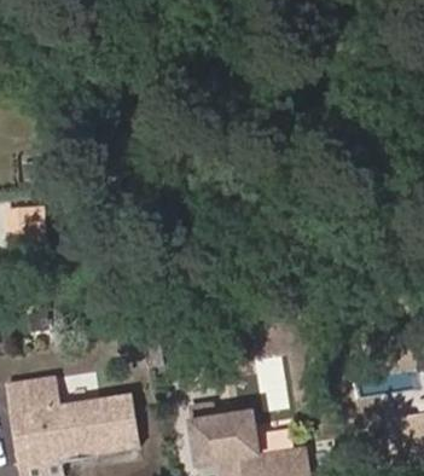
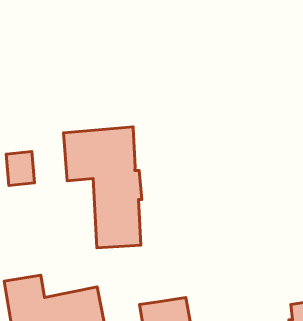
building: none -> [63,127,142,248]

